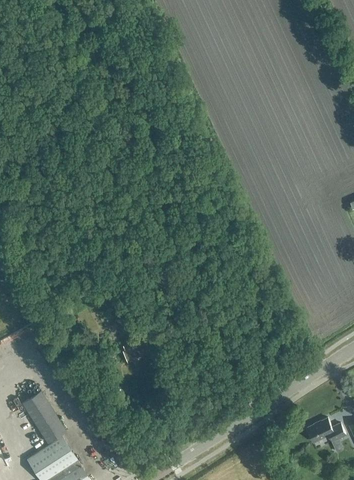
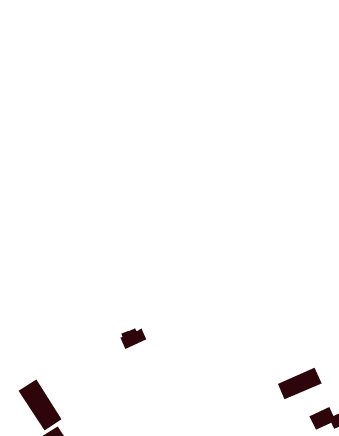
building: none -> [277,367,322,400]

